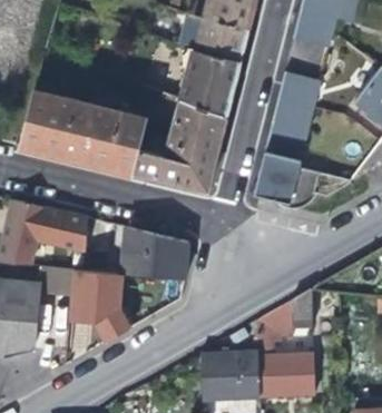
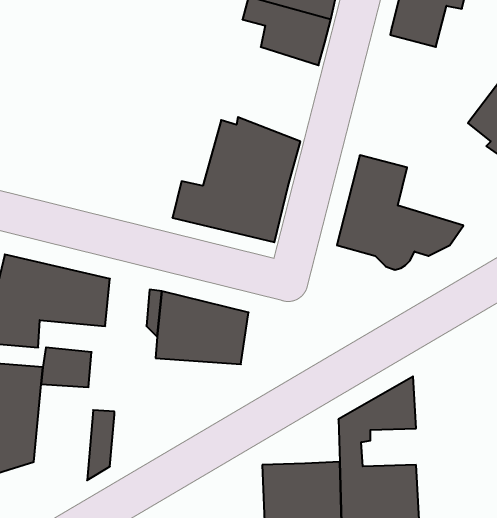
building: [176,47,241,117] -> none
building: [271,69,319,136] -> none
building: [19,85,147,173] -> none
building: [91,276,131,318] -> none

